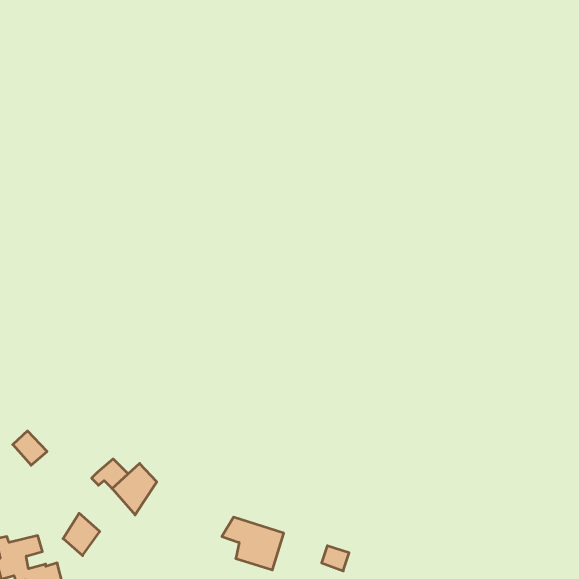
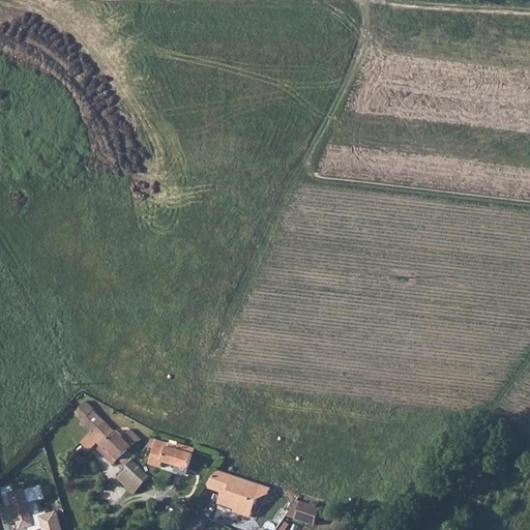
building: [13,431,47,465] -> [71,402,102,433]
building: none -> [149,438,194,469]
building: [63,513,100,556] -> [115,460,148,498]

